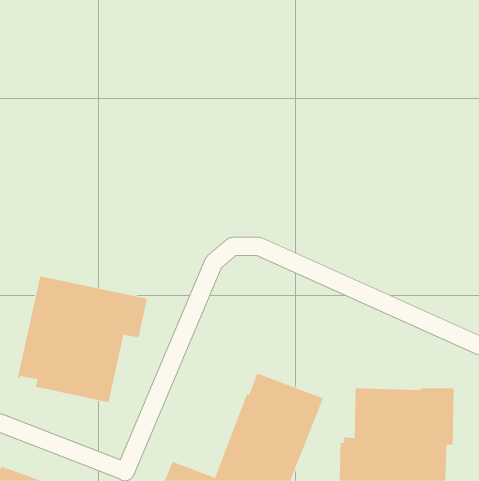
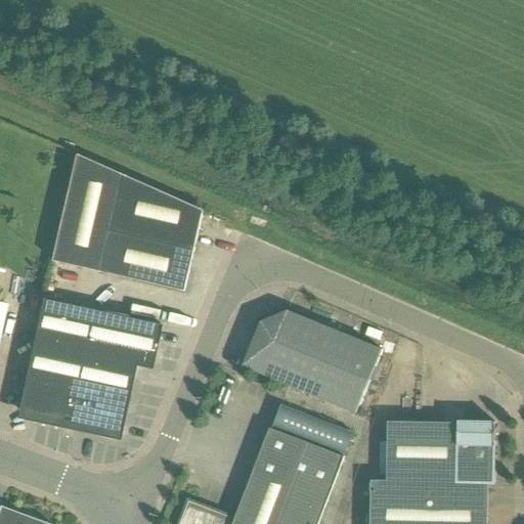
building: none -> [51,156,202,292]
building: none -> [242,310,381,413]

